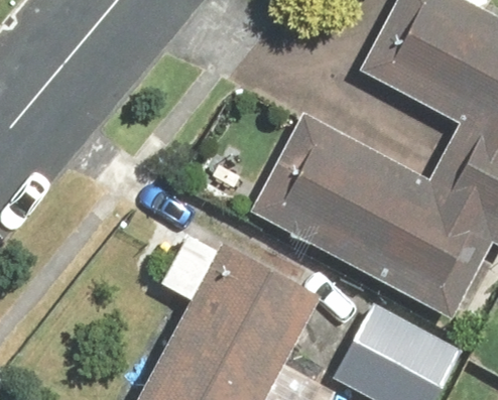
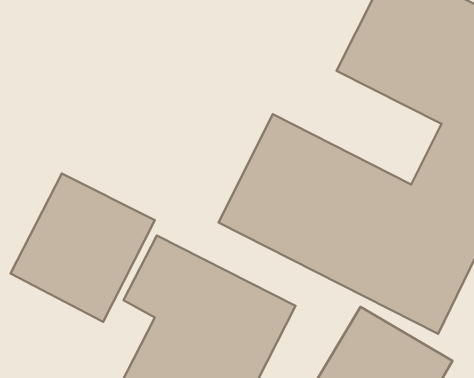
building: none -> [11,173,155,322]

